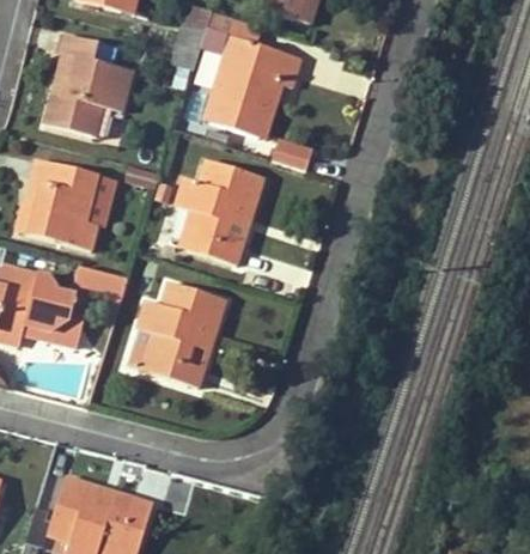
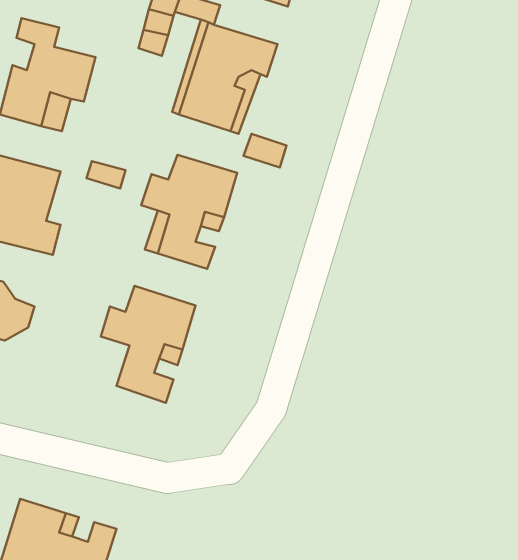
building: [72,266,128,305] -> none
building: [126,327,164,372] -> none

